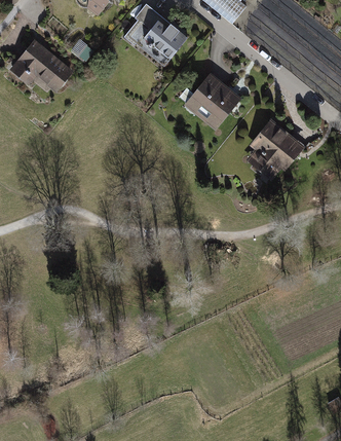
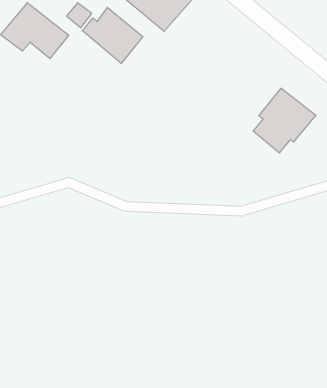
building: none -> [82,7,143,63]
building: [184,72,240,128] -> none

